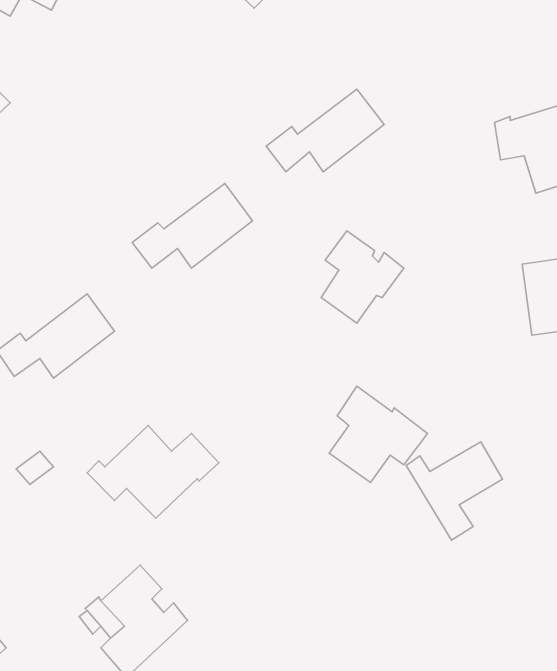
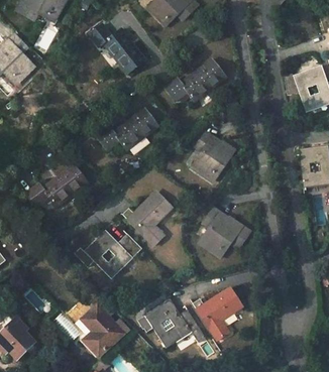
building: none -> [90,22,146,74]
building: none -> [122,191,173,246]
building: [406,442,503,540] -> [193,292,242,343]
building: none -> [137,299,205,348]

